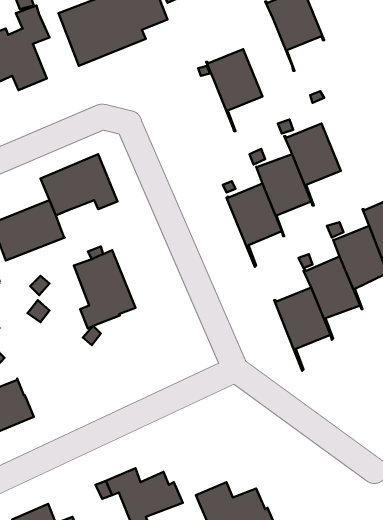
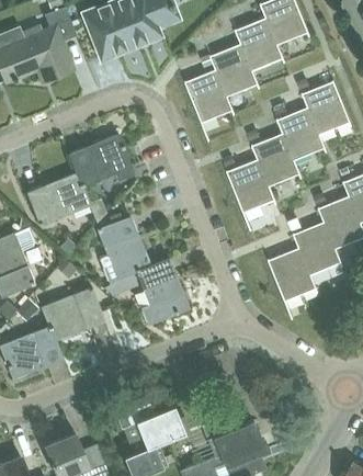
building: none -> [235,18,283,89]
building: none -> [185,70,232,140]
building: none -> [302,80,352,152]
building: none -> [135,258,189,325]
building: none -> [41,287,104,340]

